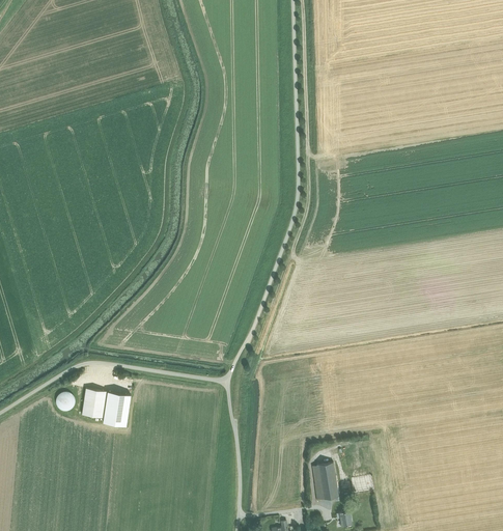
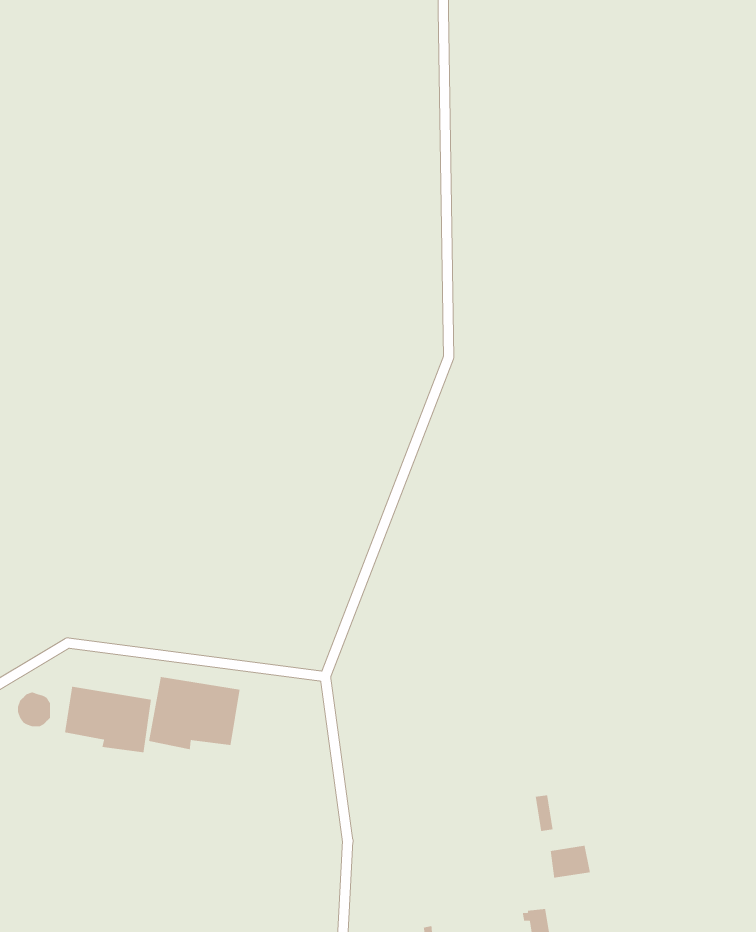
building: none -> [148,676,240,750]
building: [311,464,338,502] -> none

